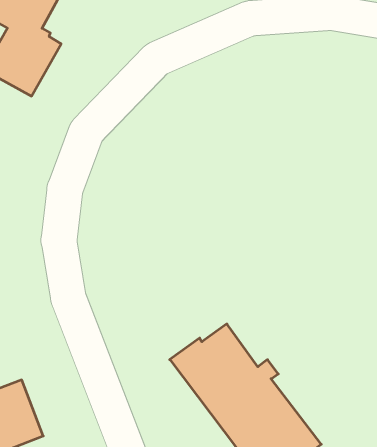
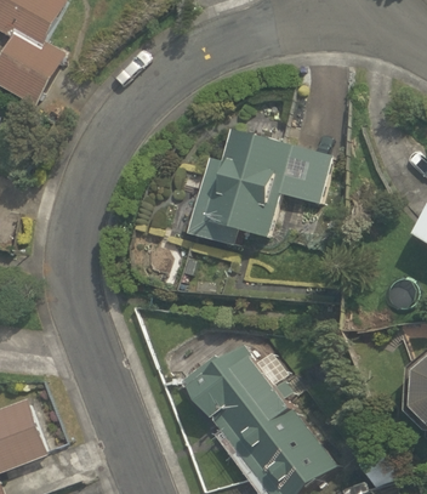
building: none -> [184,129,329,244]

